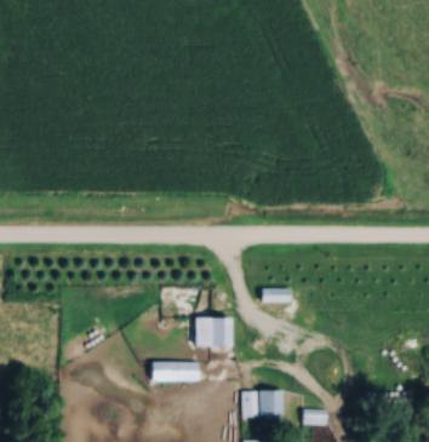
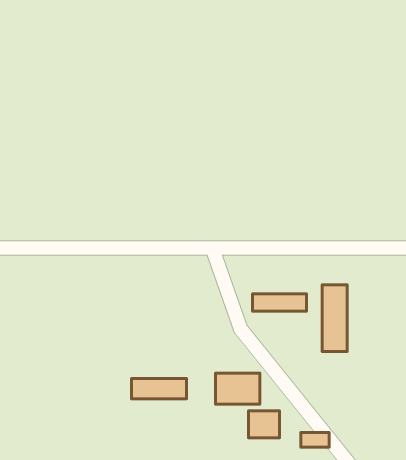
building: none -> [322,285,347,351]
building: [193,318,233,346] -> [216,373,260,404]

